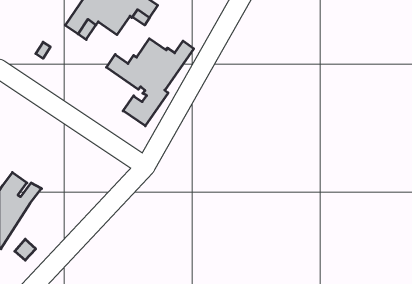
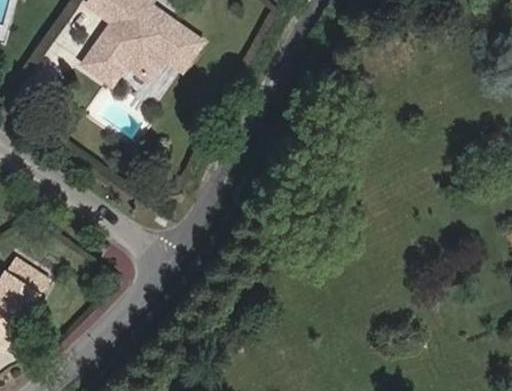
building: [106,39,194,126] -> none

